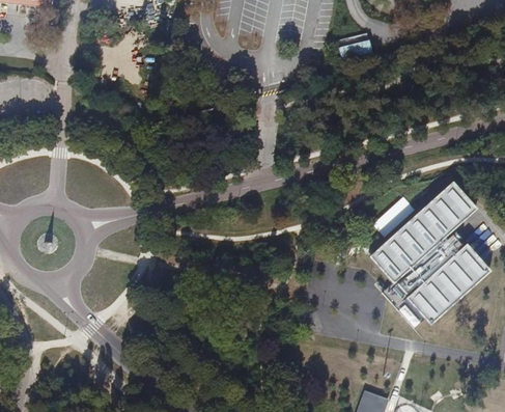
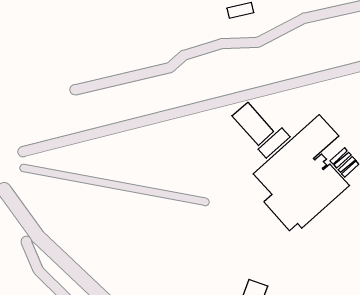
building: none -> [232,102,273,146]

